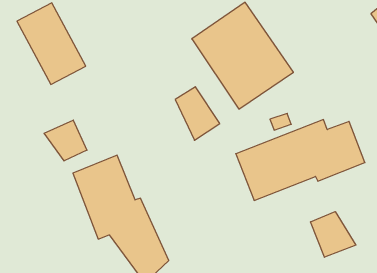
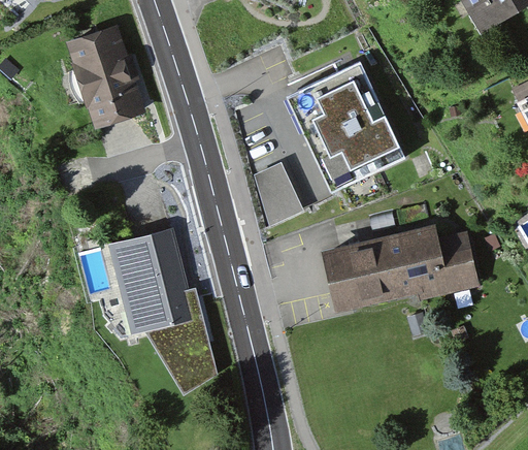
building: [44,120,87,161] -> none
building: [311,212,356,257] -> none

